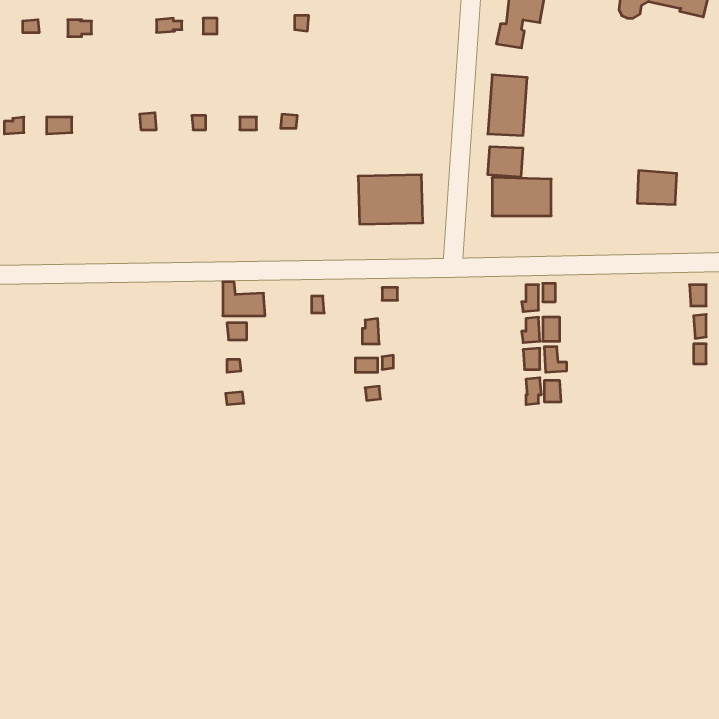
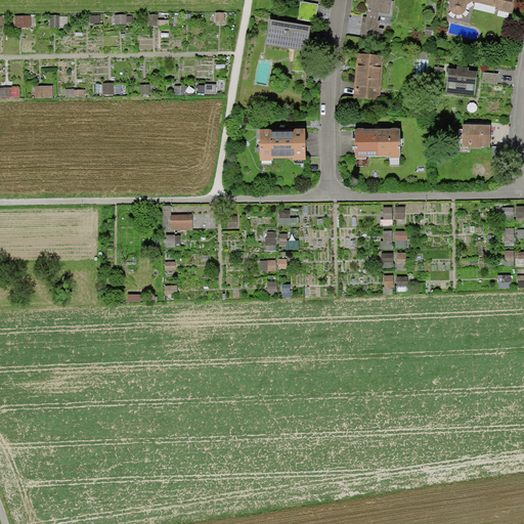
building: none -> [268,21,312,51]
building: none -> [446,69,477,95]
building: [488,147,523,177] -> none

